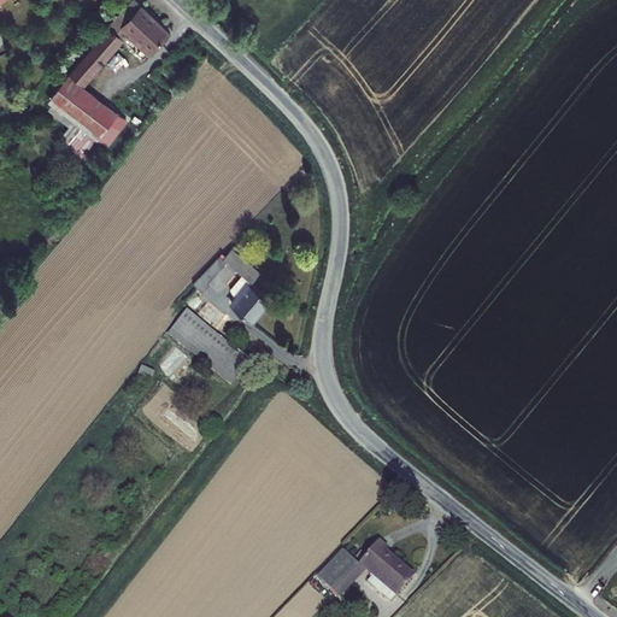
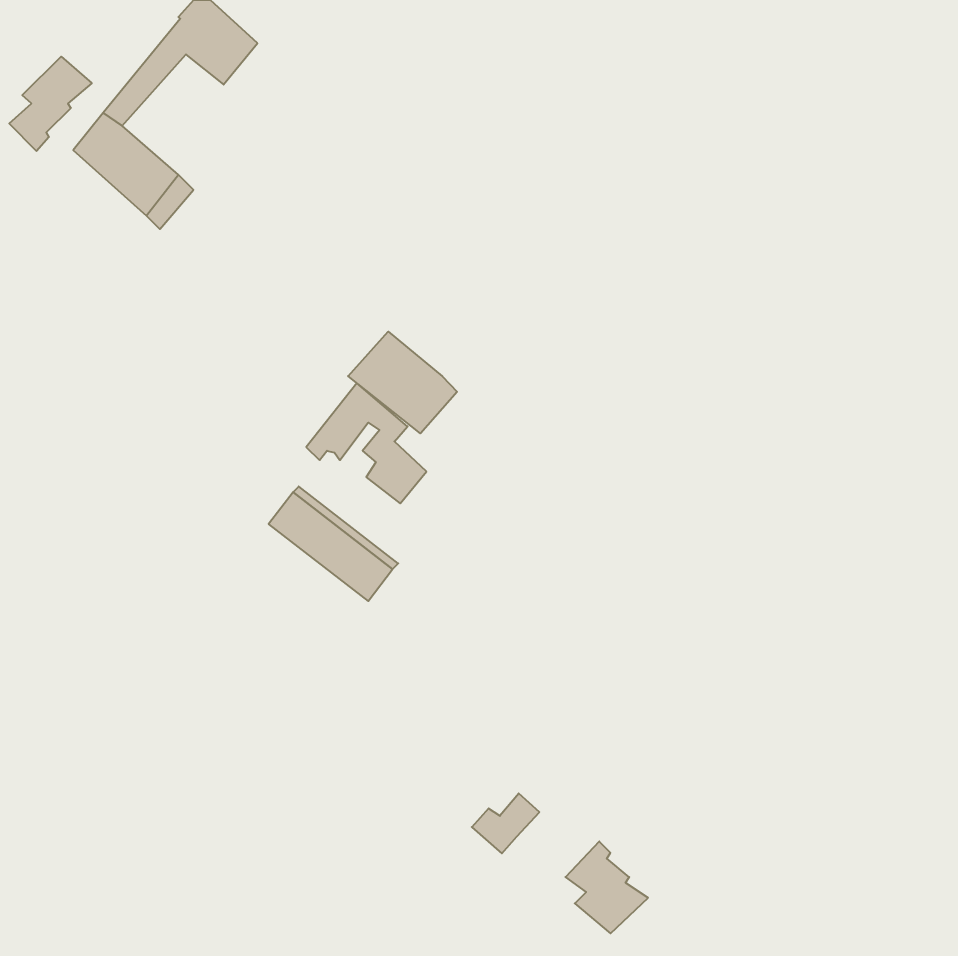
building: none -> [9,57,92,151]
building: none -> [348,332,457,433]
building: [318,554,362,593] -> [472,793,539,853]

